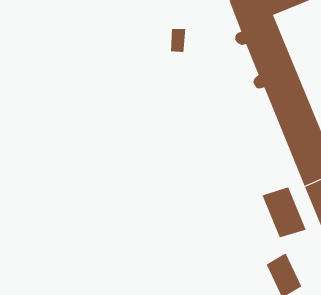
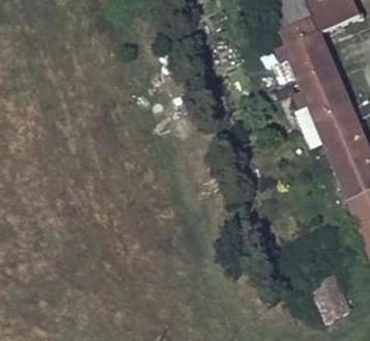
building: [262,187,306,238] -> none

